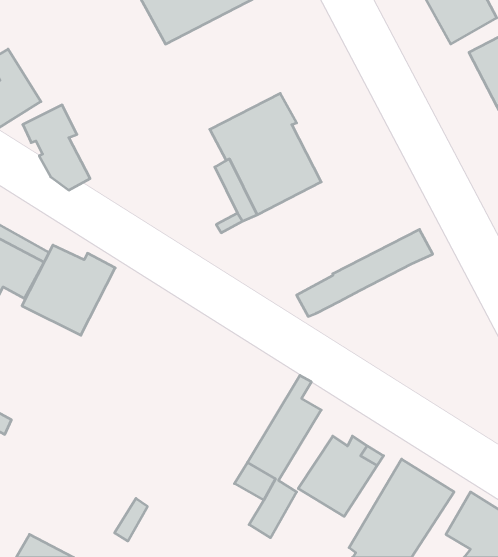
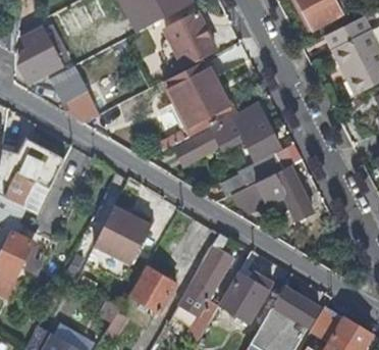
building: none -> [165,14,215,65]
building: none -> [175,106,278,165]
building: [22,245,115,335] -> [94,208,152,264]
building: none -> [230,166,313,221]
building: none -> [131,268,174,313]

